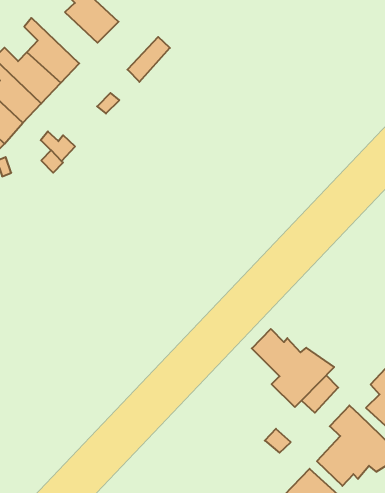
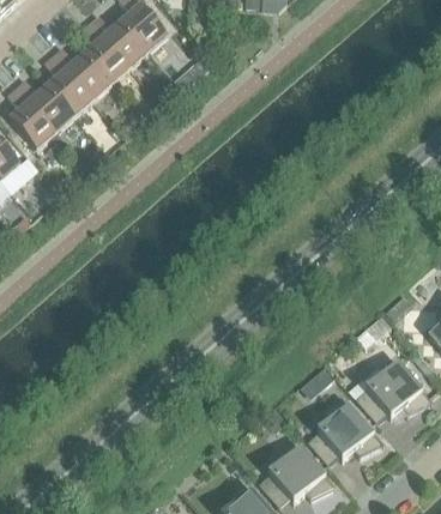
building: none -> [92,14,149,67]
building: [252,329,334,407] -> none

